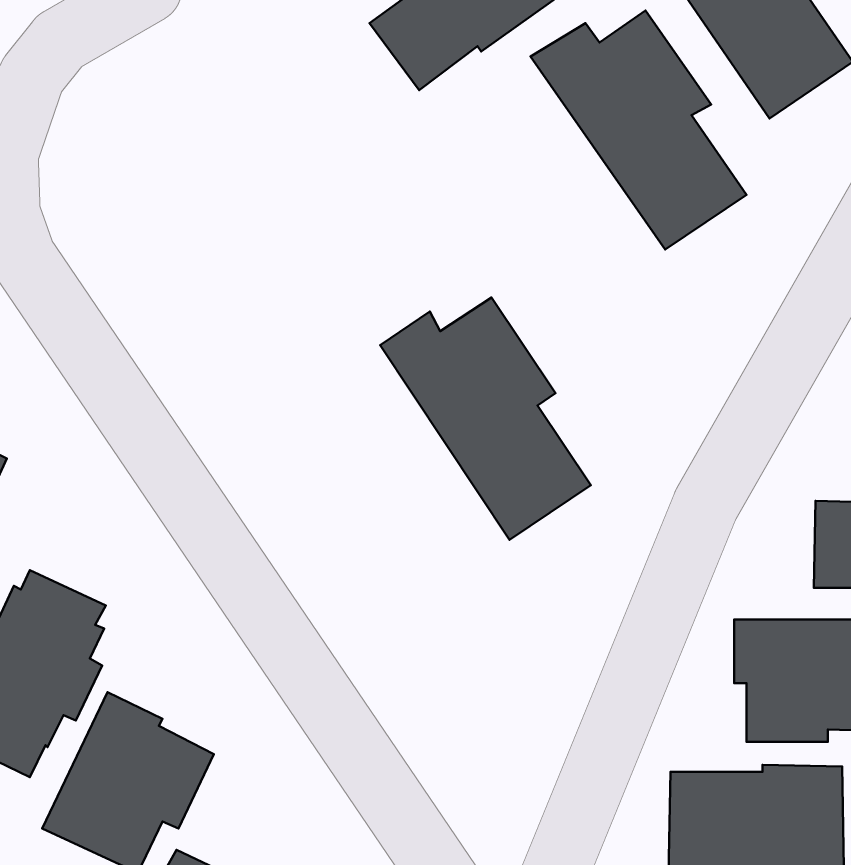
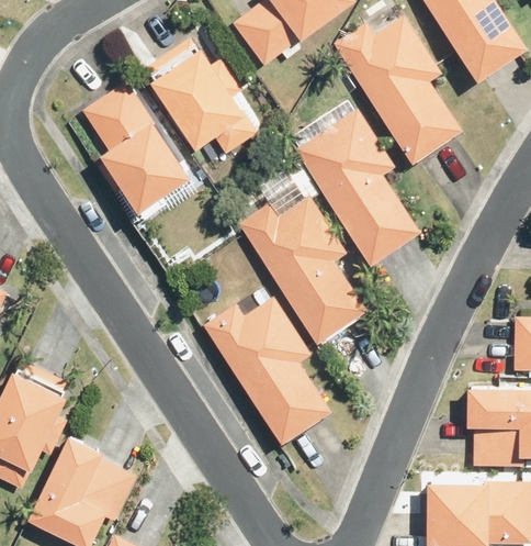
building: none -> [144,37,257,155]
building: none -> [79,80,191,213]
building: none -> [294,107,421,265]
building: none -> [202,296,332,444]

